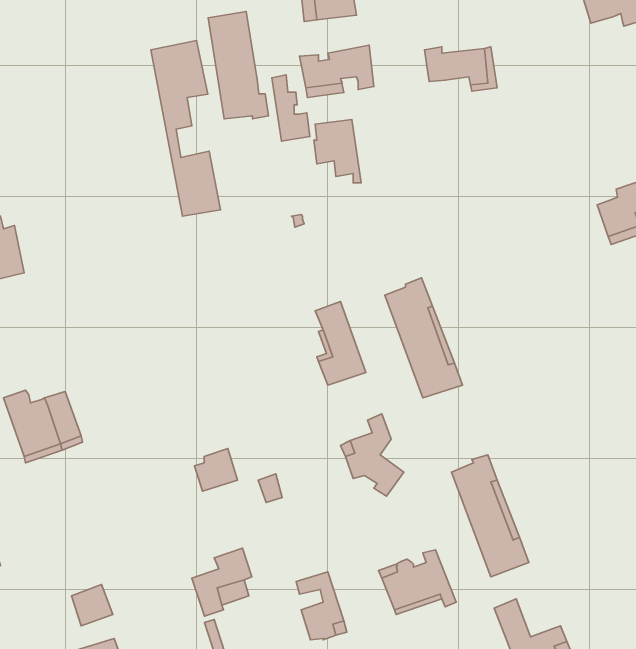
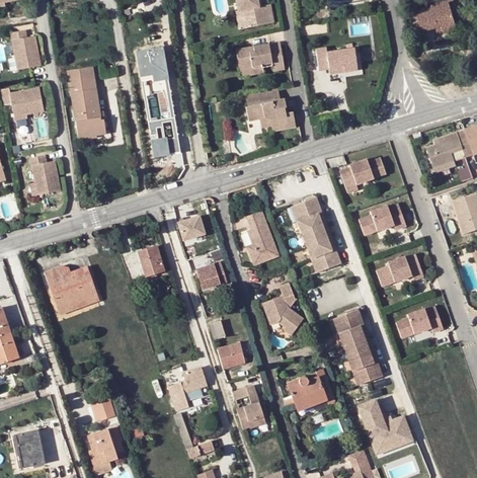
building: [208,11,268,119] -> [67,67,105,136]
building: [272,75,310,141] -> [268,91,293,134]
building: none -> [340,157,386,192]
building: none -> [357,205,405,234]
building: none -> [181,212,213,239]
building: none -> [140,246,163,275]
building: none -> [376,256,423,286]
building: [195,448,237,491] -> [197,261,225,289]
building: none -> [395,308,442,337]
building: none -> [217,342,244,369]

